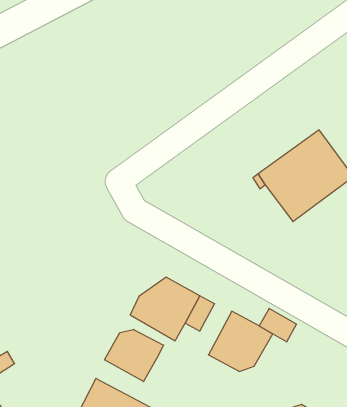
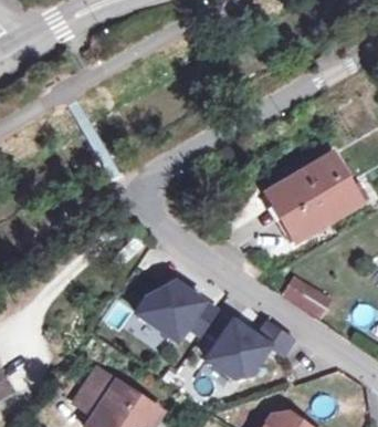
building: none -> [284,273,337,320]
building: [105,329,164,382] -> none

